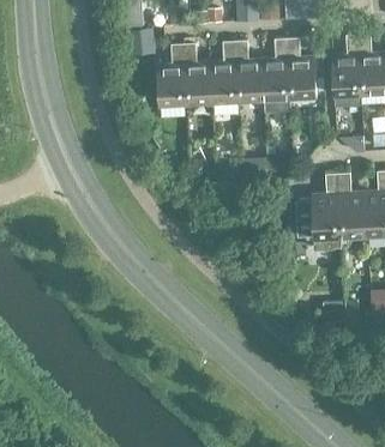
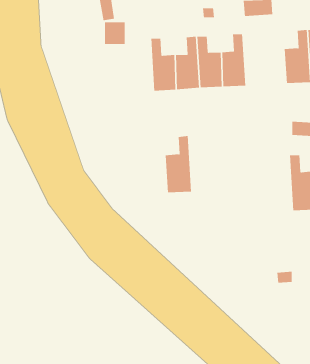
building: [285,40,317,98] -> none
building: [157,46,186,105] -> none
building: [311,175,341,238] -> [165,136,192,193]

